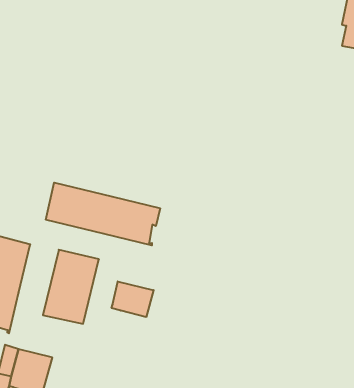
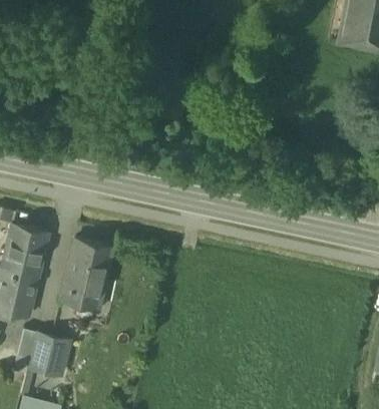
building: [46,183,160,245] -> none
building: [112,281,154,317] -> none

